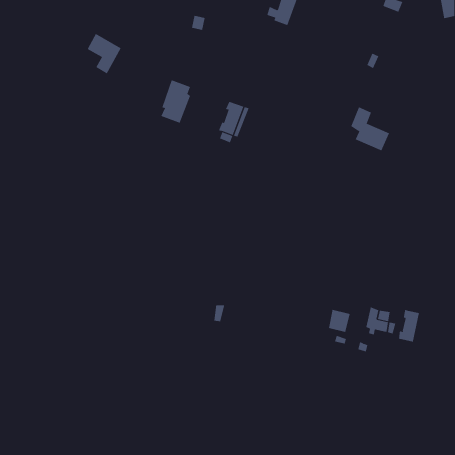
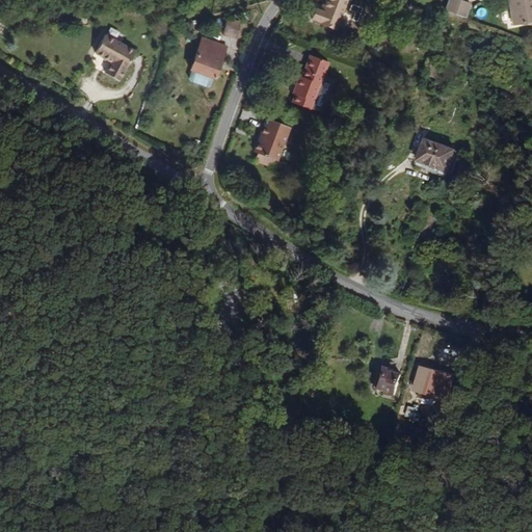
building: none -> [293,54,327,108]
building: [161,80,191,123] -> [188,36,223,87]
building: [398,309,420,343] -> none

